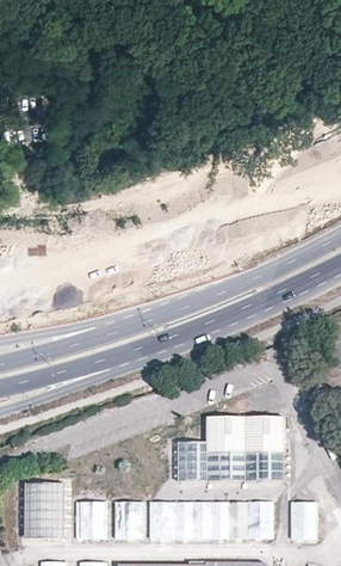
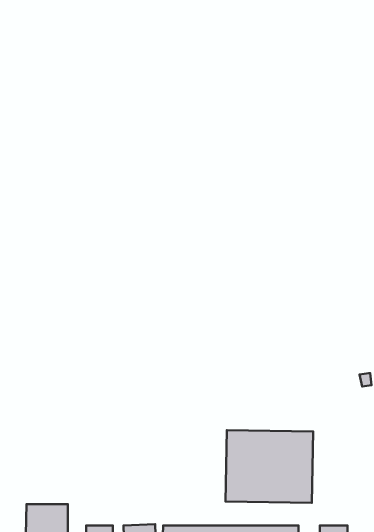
building: [176,441,205,480] -> none

